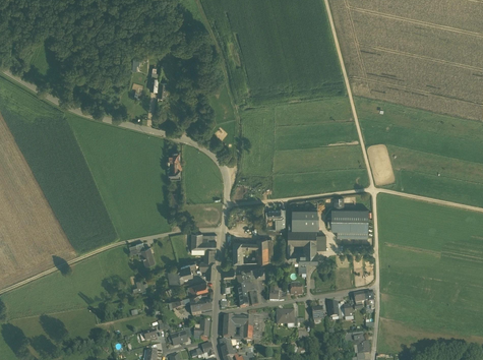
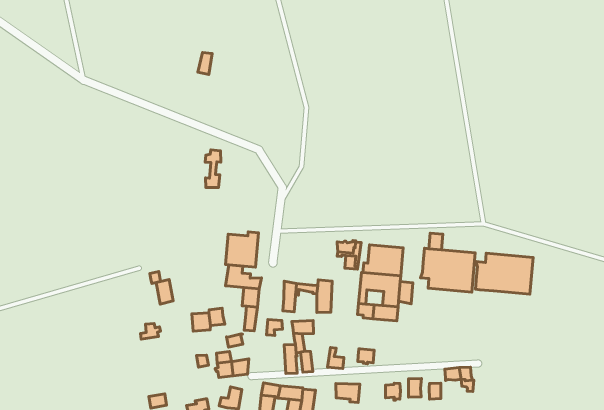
building: none -> [226,232,258,267]
building: none -> [475,253,533,294]

